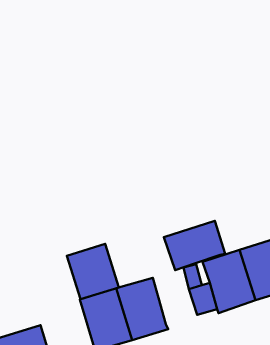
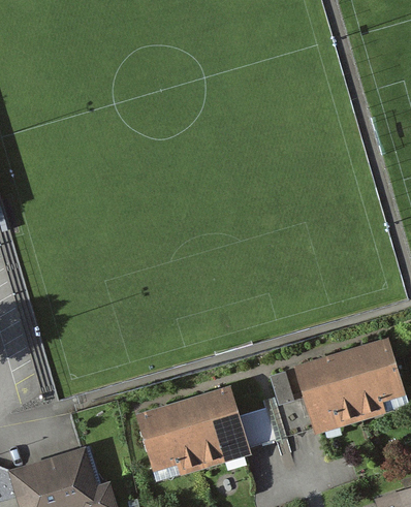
building: [164,221,225,270] -> none
building: [67,244,119,299] -> none
building: none -> [235,406,276,448]

